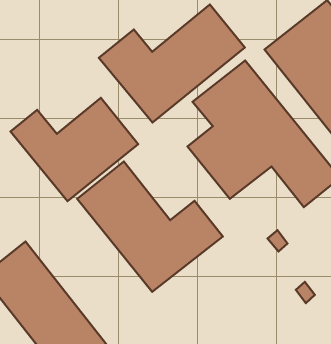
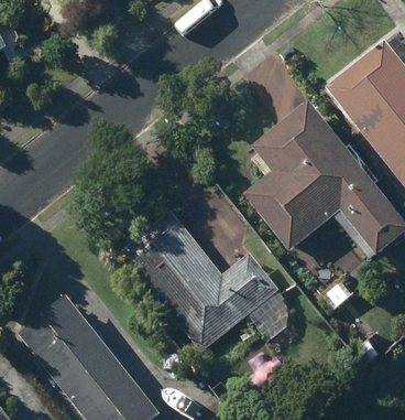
building: [99,4,245,122] -> none
building: [10,98,138,201] -> none

